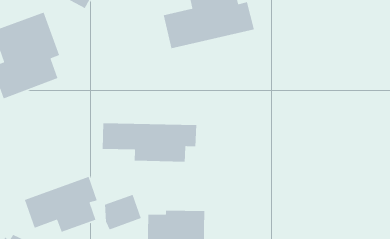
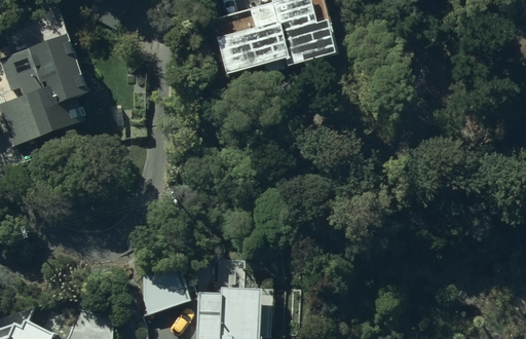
building: [102,123,197,162] -> none
building: [24,176,98,233] -> none

